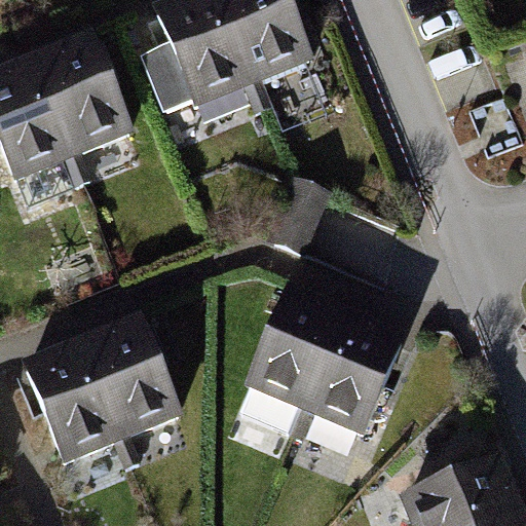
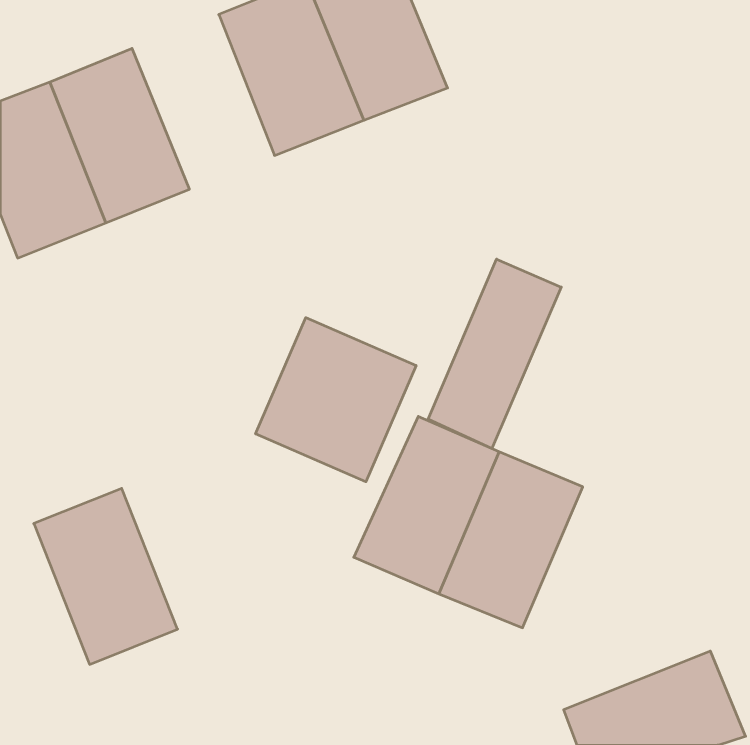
building: none -> [428,259,561,448]
building: none -> [256,318,416,482]
building: [85,318,183,441] -> none

